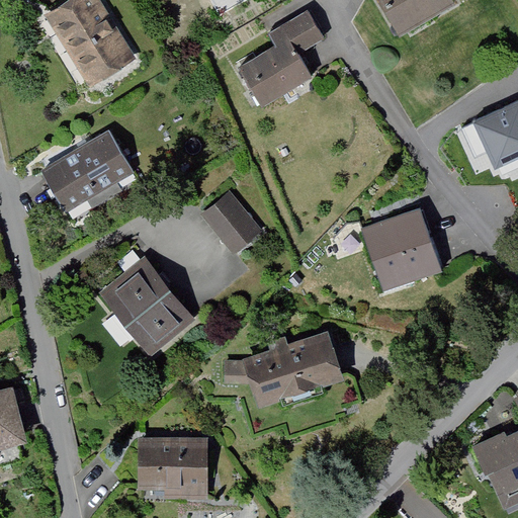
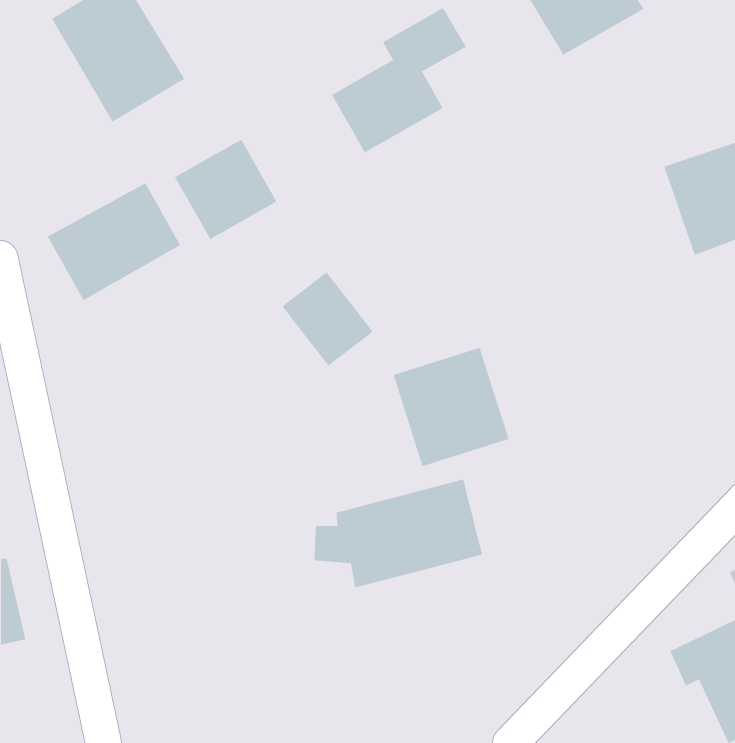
building: none -> [174,139,277,240]
building: [362,210,443,293] -> [393,347,509,467]
building: [103,263,192,354] -> none
building: [137,440,207,497] -> none

